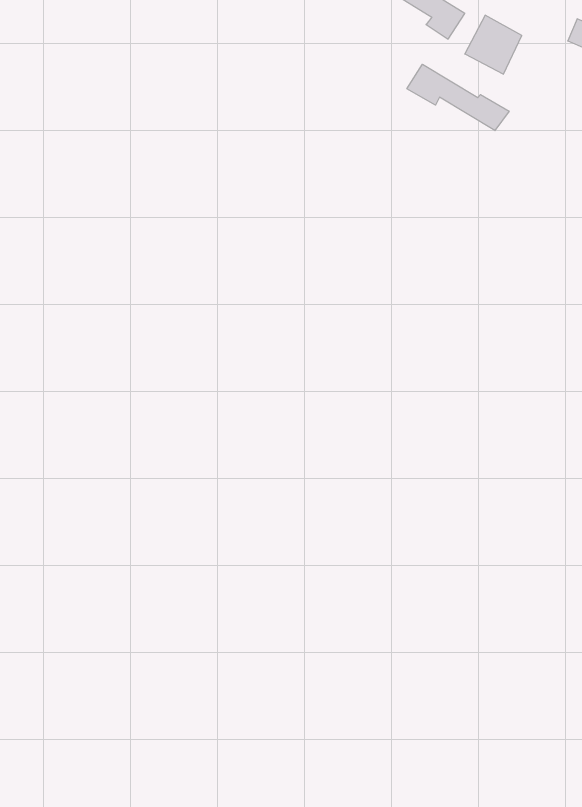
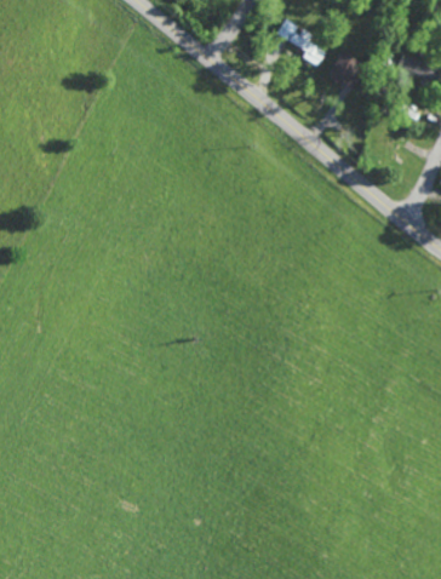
building: [407,64,509,131] -> none

